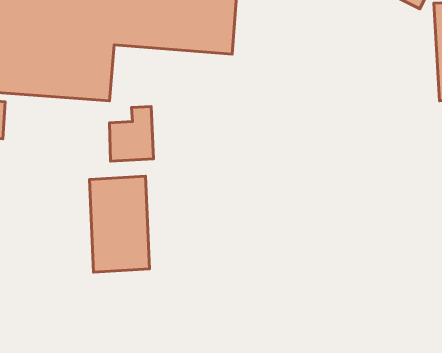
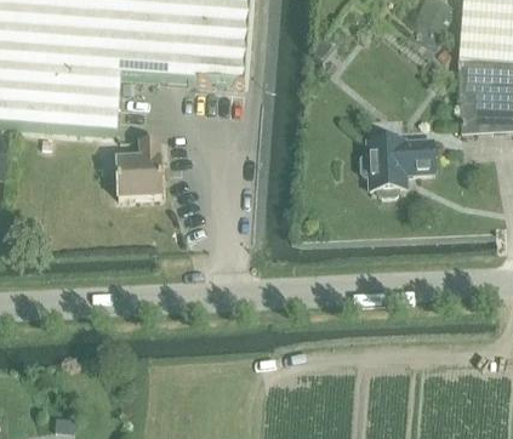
building: none -> [360,137,433,195]
building: [89,176,150,272] -> none

